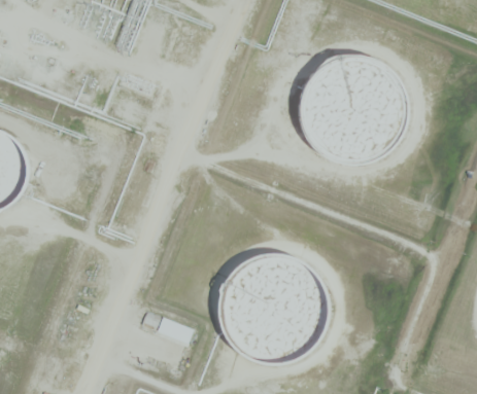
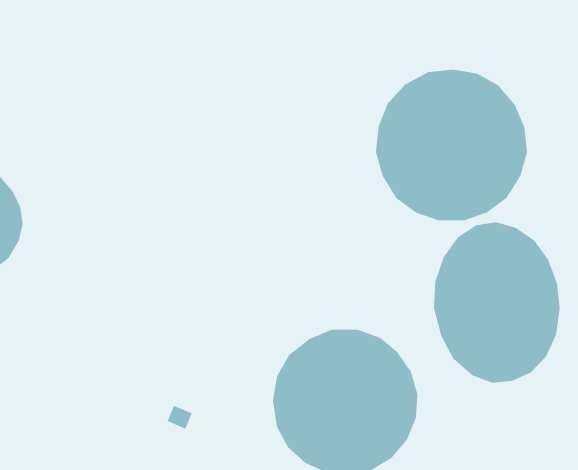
building: none -> [434,222,560,383]

